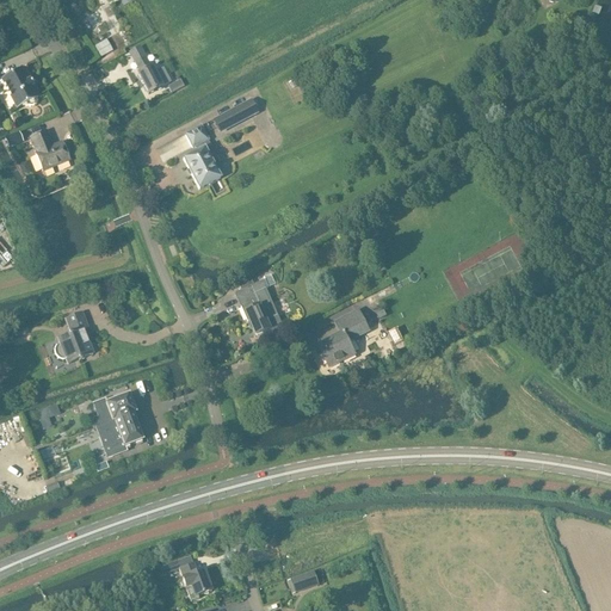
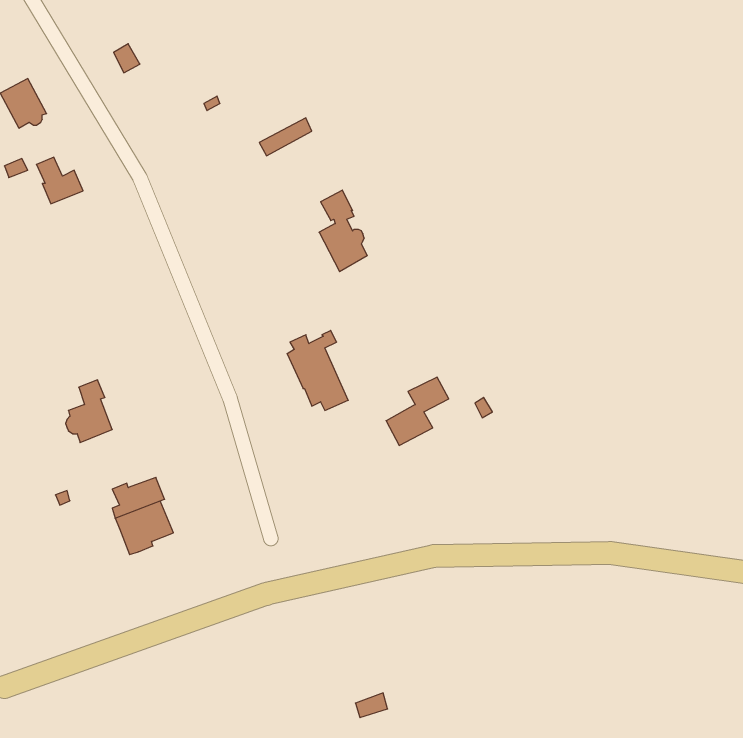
building: [134,54,171,92] -> none
building: [183,121,222,187] -> [319,190,367,272]
building: [181,562,210,594] -> none

